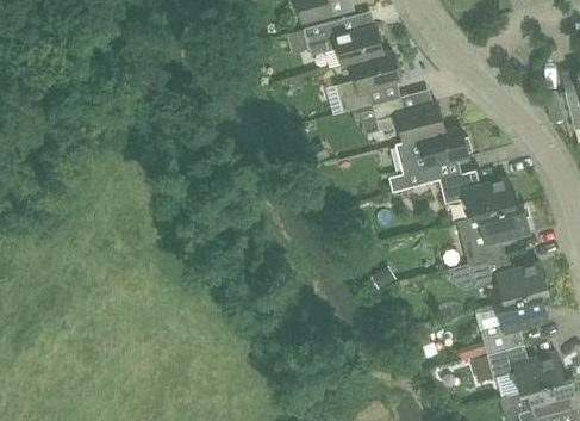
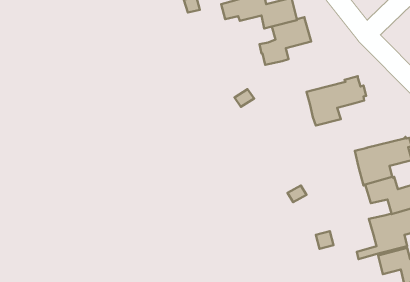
building: [373,95,445,143] -> none
building: [439,169,520,217] -> none

